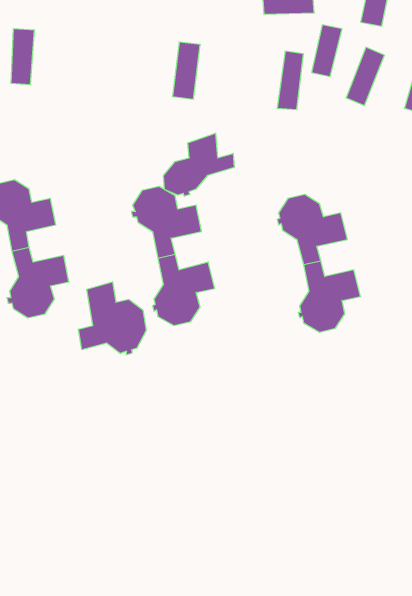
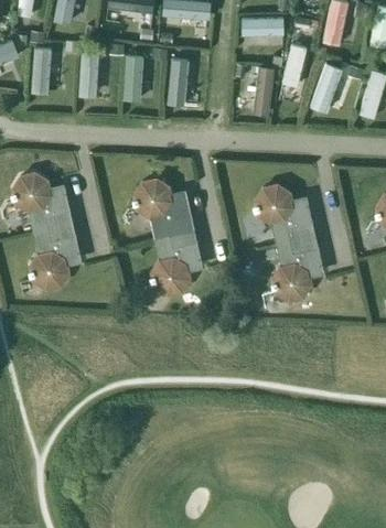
building: none -> [78,50,99,96]
building: none -> [124,54,143,100]
building: [163,133,234,196] -> none
building: [79,282,146,355] -> none

